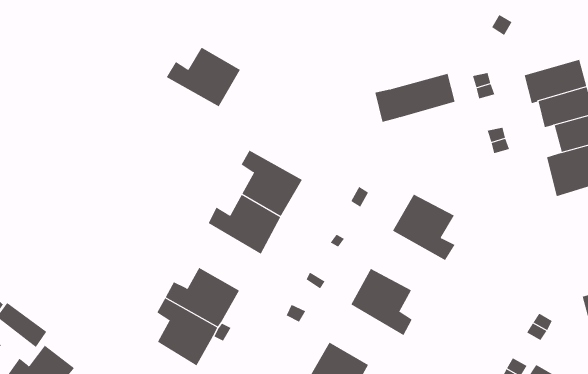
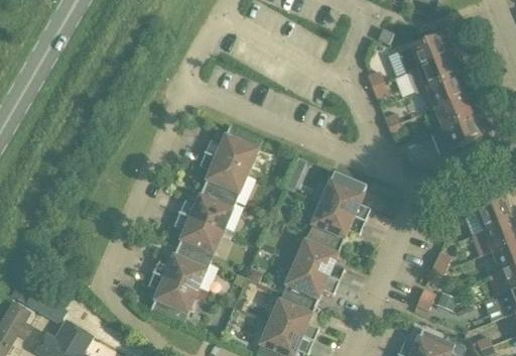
building: [166,47,241,107] -> [205,126,261,170]
building: [375,73,456,122] -> [386,33,448,77]
building: none -> [173,212,223,260]
building: none -> [307,202,364,245]
building: none -> [282,261,339,306]

